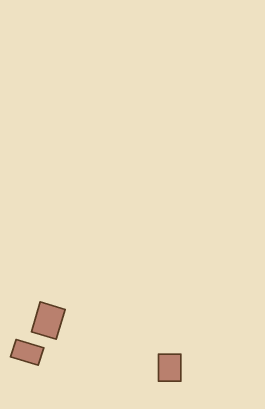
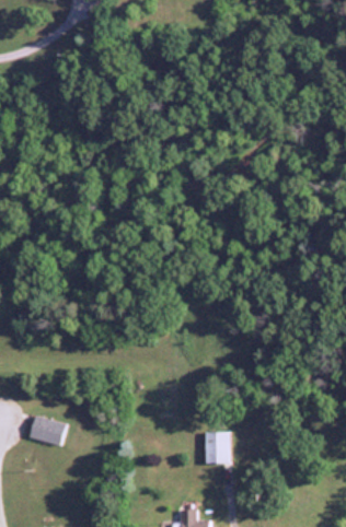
building: [31,302,65,339] -> none

